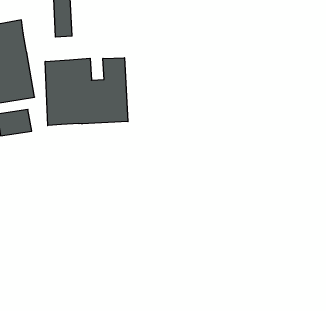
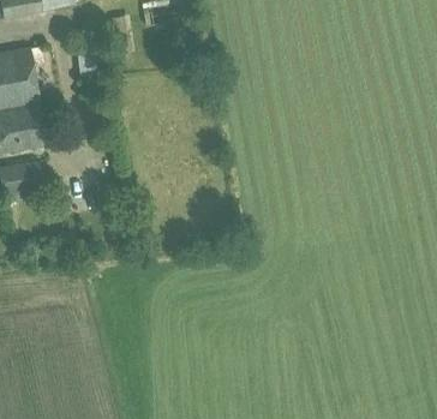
building: [45,58,128,126] -> none

